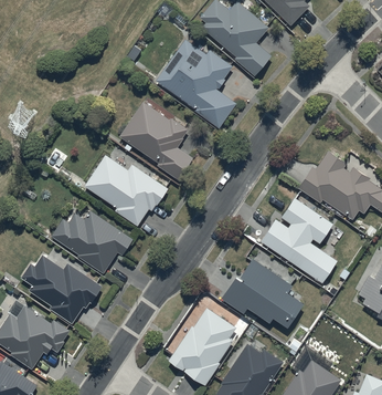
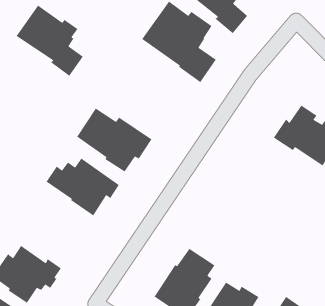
building: [119,102,193,180] -> [15,4,84,77]
building: [262,198,337,284] -> none
building: [22,256,103,323] -> none
building: [222,258,305,328] -> none

